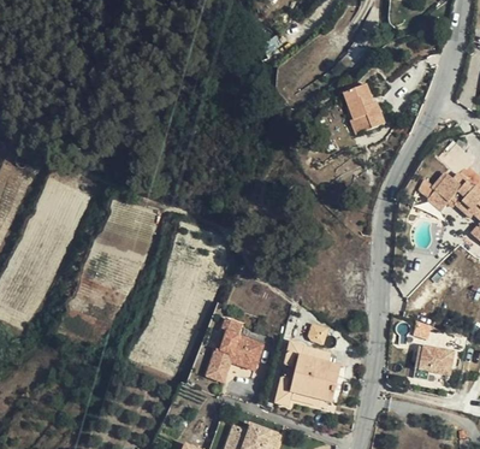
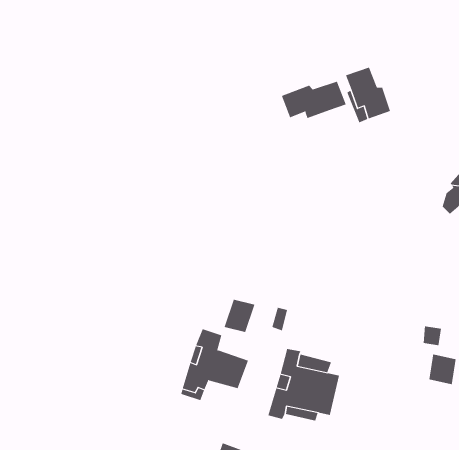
building: none -> [281,81,346,119]
building: none -> [224,299,255,333]

